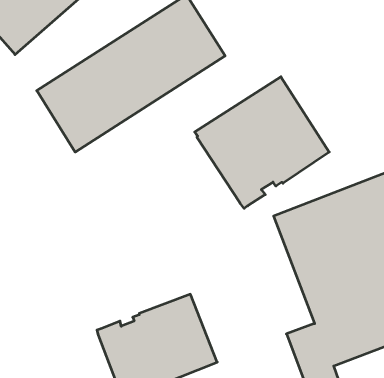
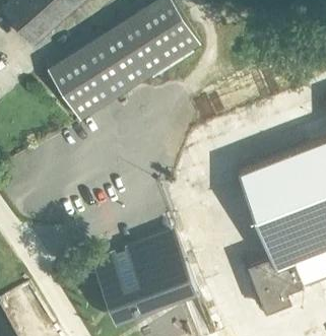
building: [195,77,329,208] -> none

